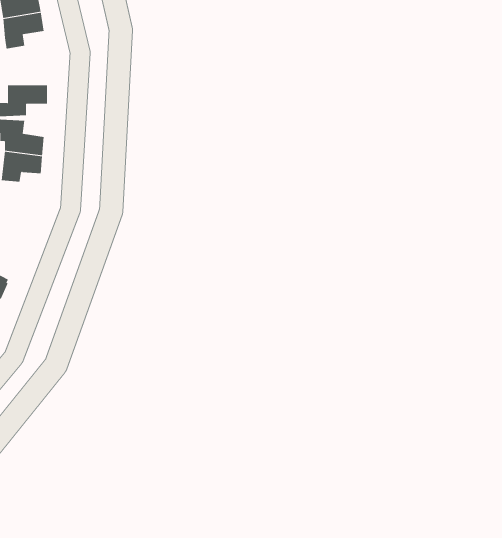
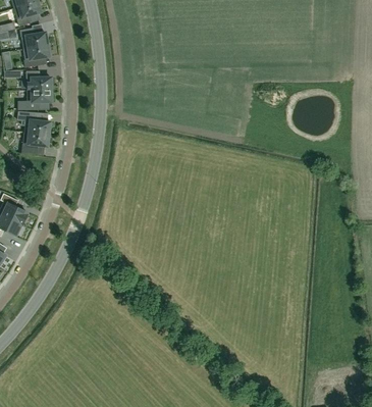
building: none -> [26,71,52,90]

